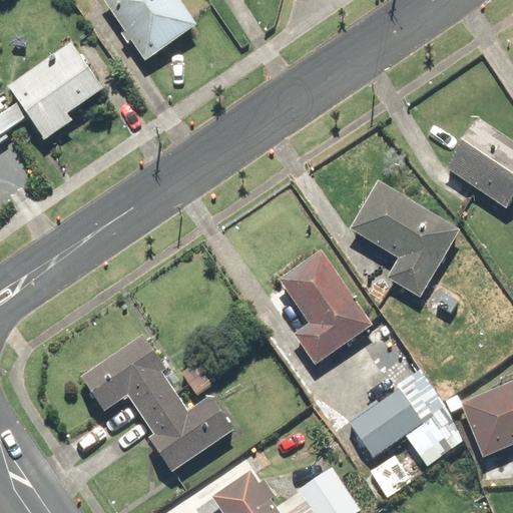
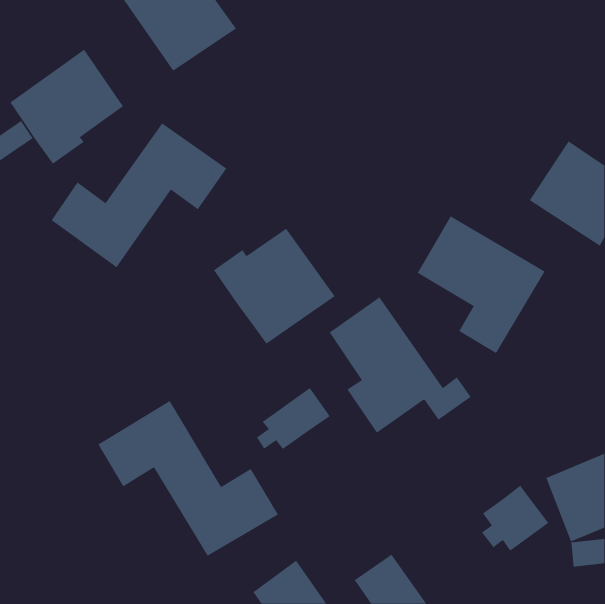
building: none -> [51,123,227,268]
building: none -> [213,228,335,344]
building: none -> [256,387,330,450]
building: [349,386,424,456] -> none

